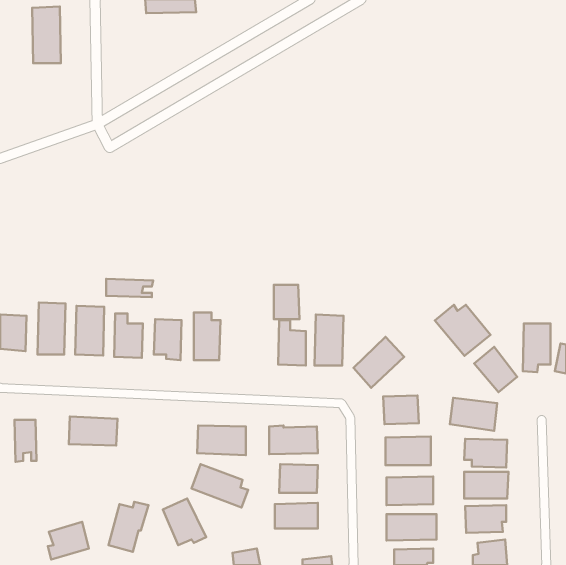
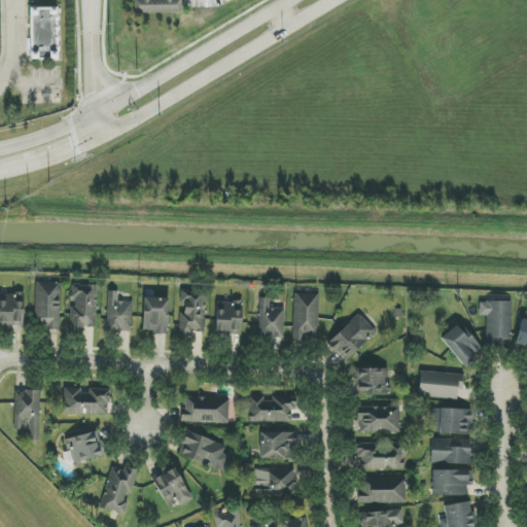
building: [106,279,153,297] -> none
building: [274,285,299,319] -> [216,302,240,333]
building: [435,305,490,356] -> none
building: [48,522,89,559] -> [63,430,101,465]

